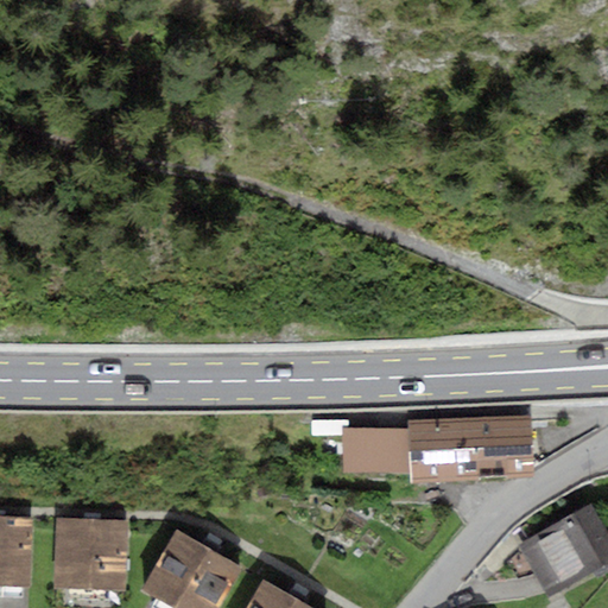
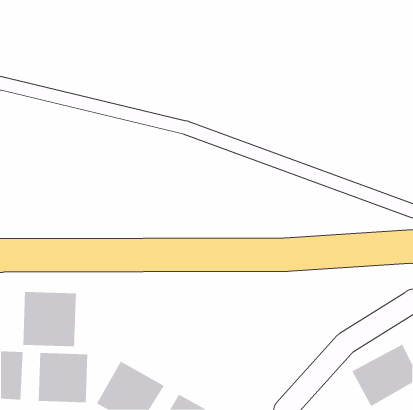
building: [342,422,528,479] -> none
building: none -> [23,291,76,347]

